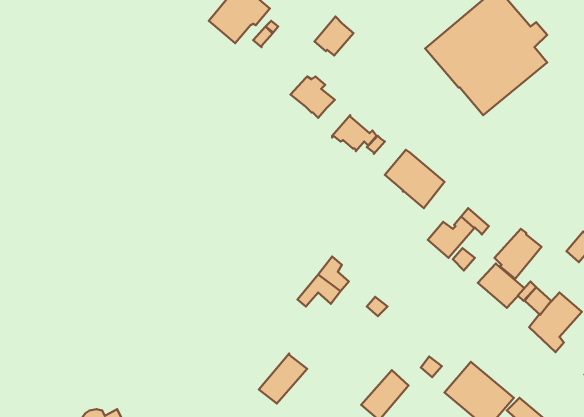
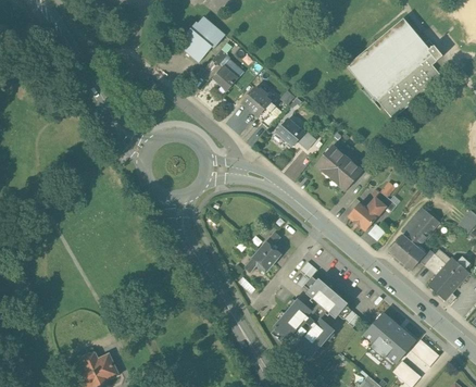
building: [315,17,353,55] -> [213,59,243,89]
building: none -> [306,279,347,317]
building: [259,353,307,403] -> [274,299,312,338]

